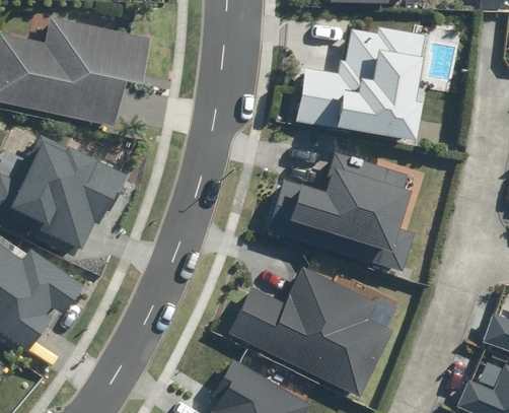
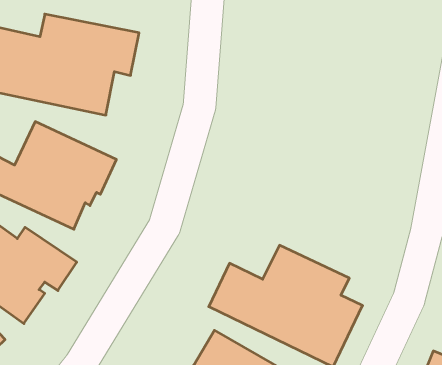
building: [296,28,424,140] -> none
building: [270,151,414,269] -> none

